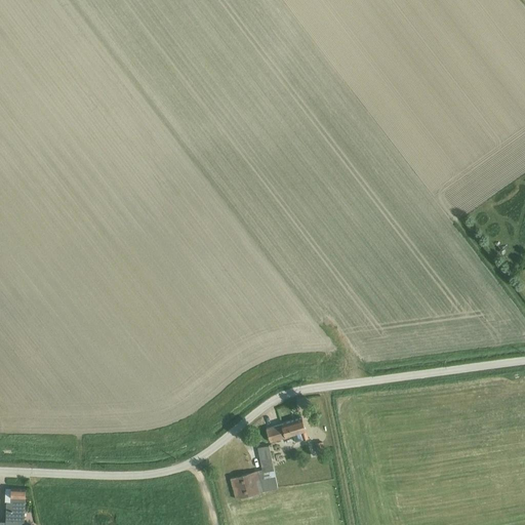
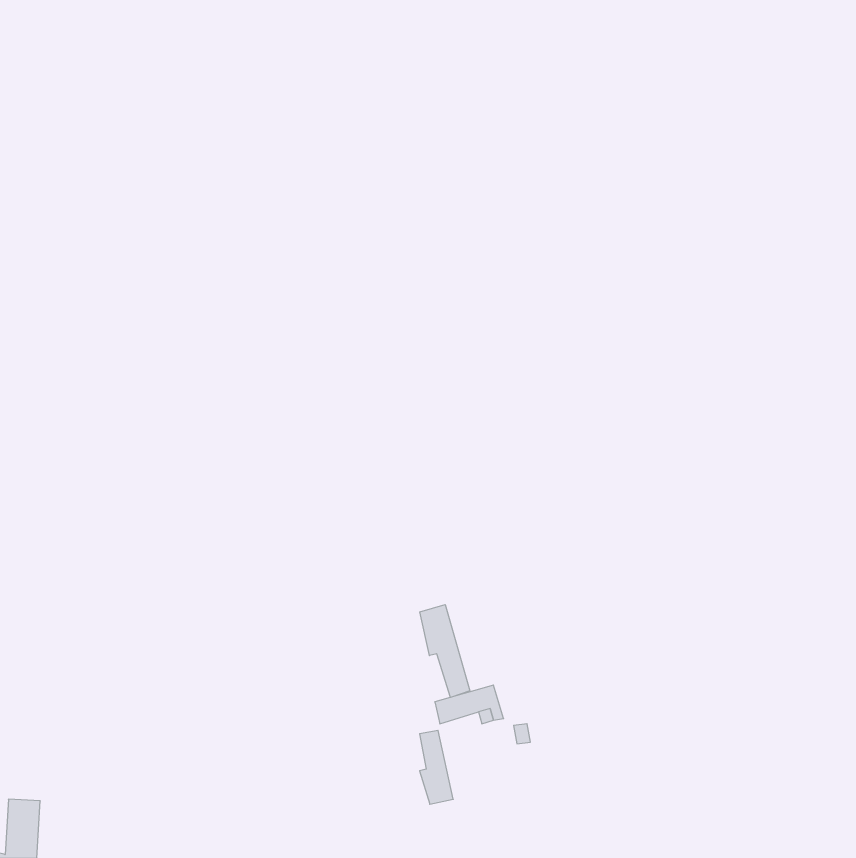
building: none -> [420,605,470,697]
building: [229,471,262,499] -> none

